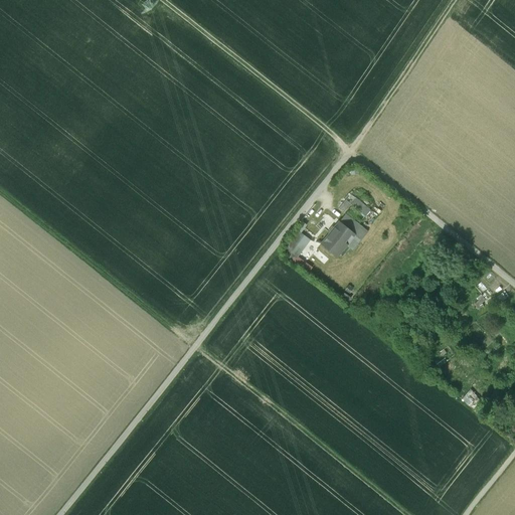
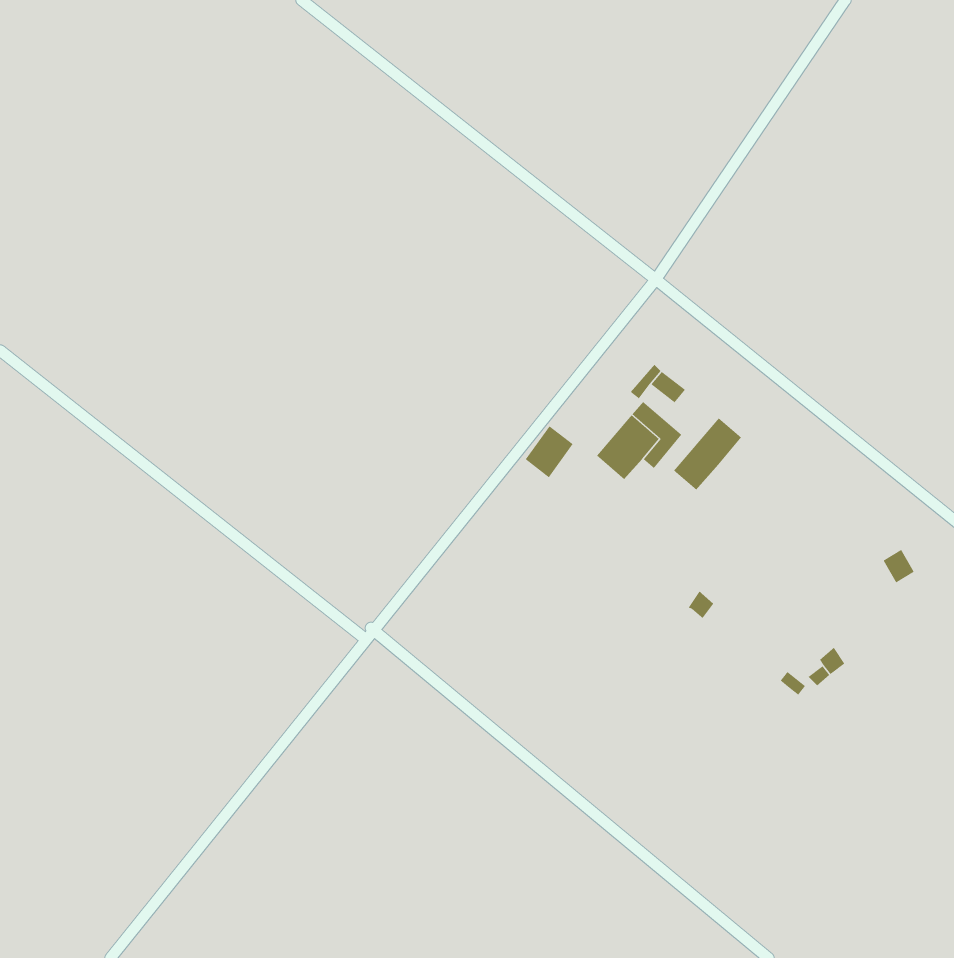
building: none -> [673,417,742,490]

